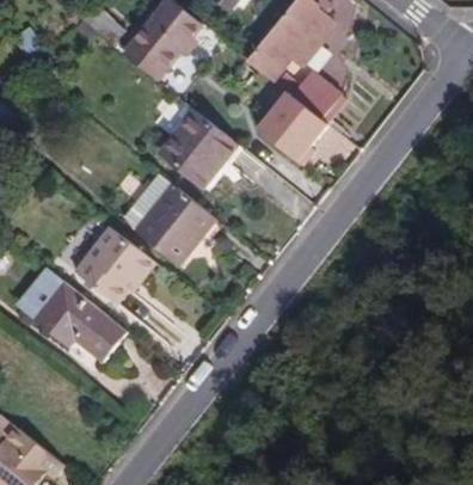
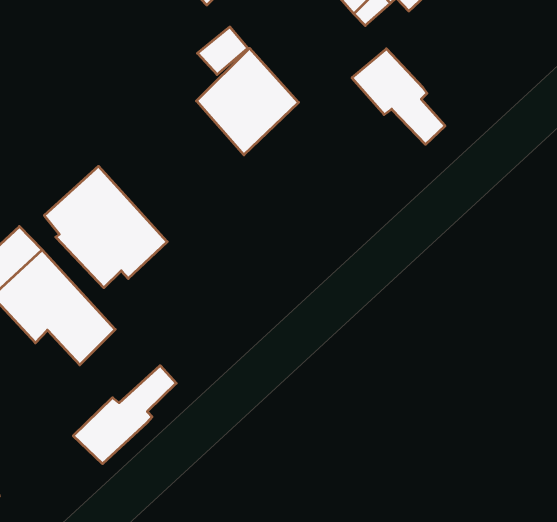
building: [290,70,340,119] -> none
building: [136,184,215,264] -> none
building: none -> [73,366,176,464]

